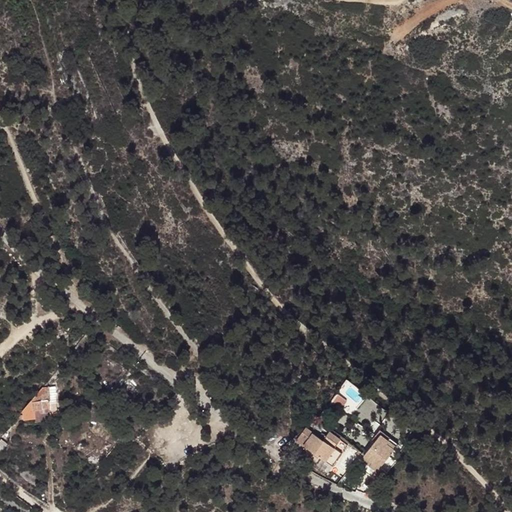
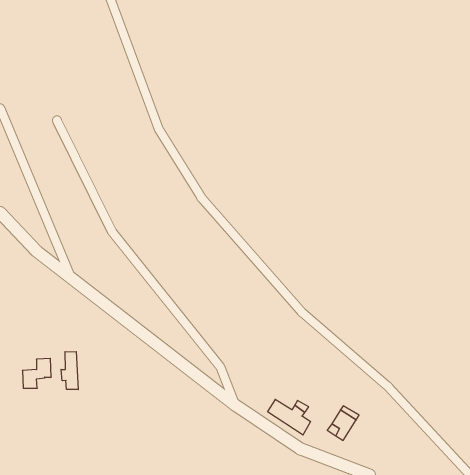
building: none -> [61,352,78,390]

